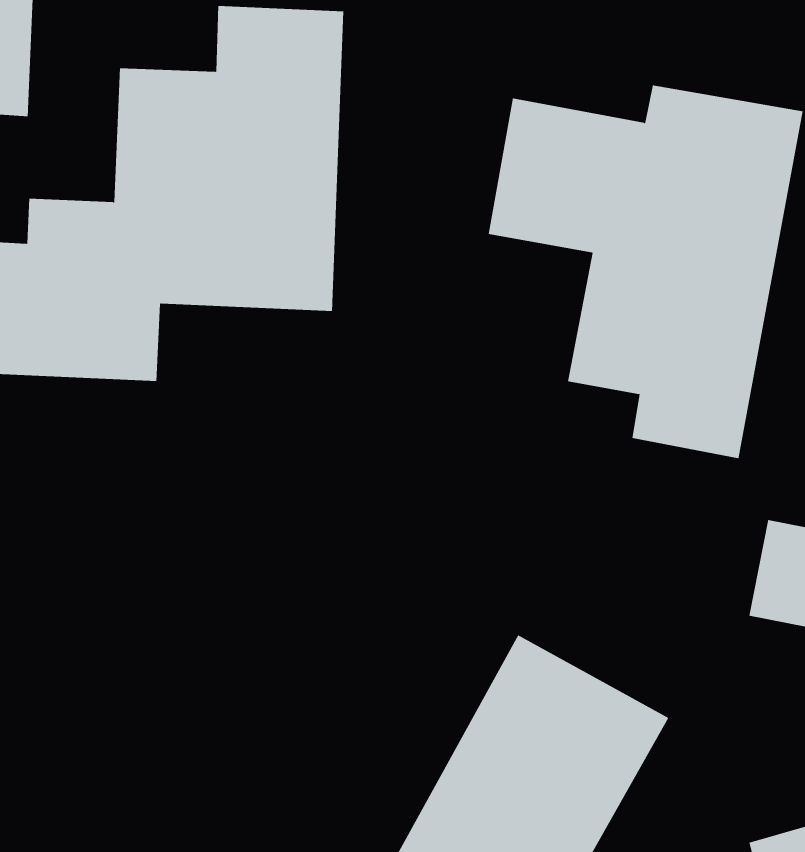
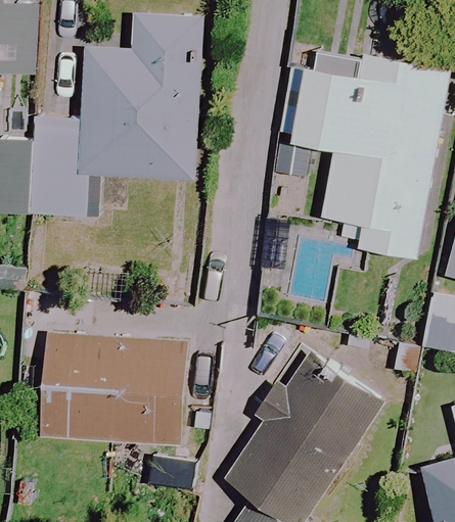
building: none -> [37,332,188,445]

